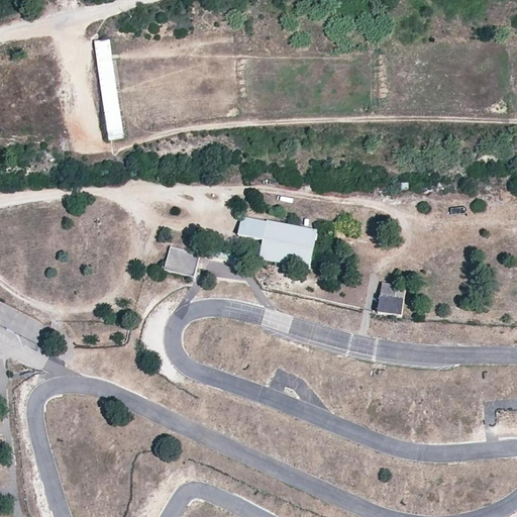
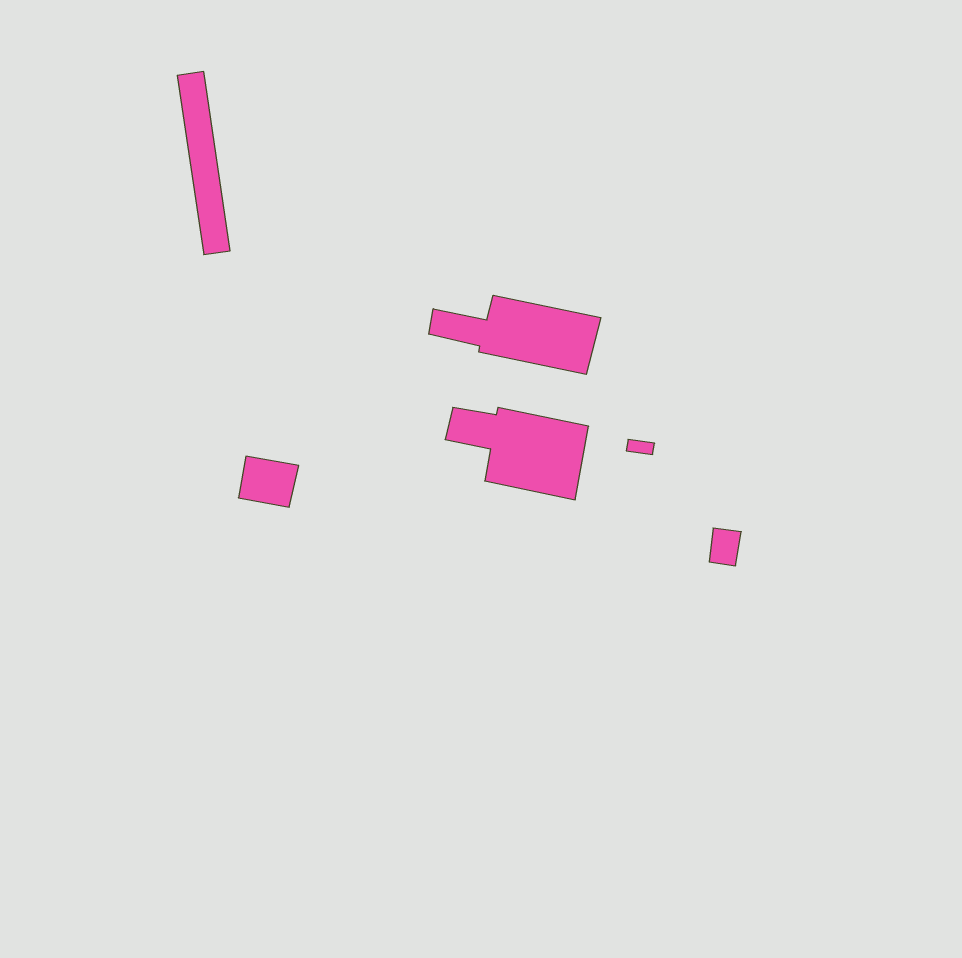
building: none -> [429,295,601,374]
building: [166,246,198,274] -> [238,456,299,507]

